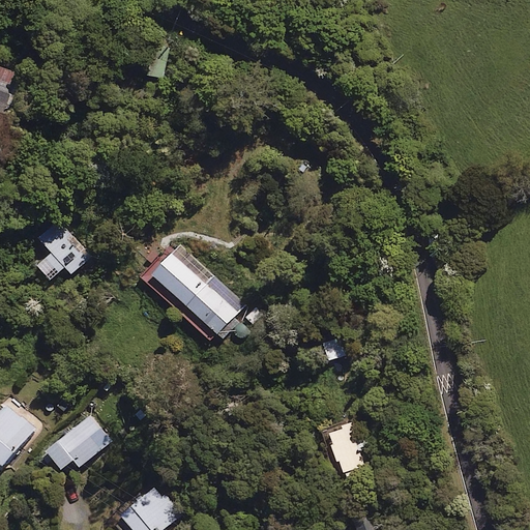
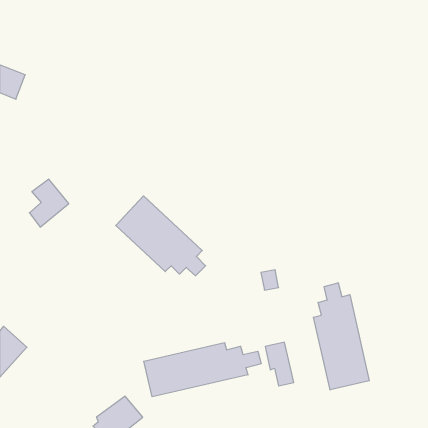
building: none -> [313,283,369,390]
building: [43,414,110,468] -> none
building: none -> [144,343,261,397]

